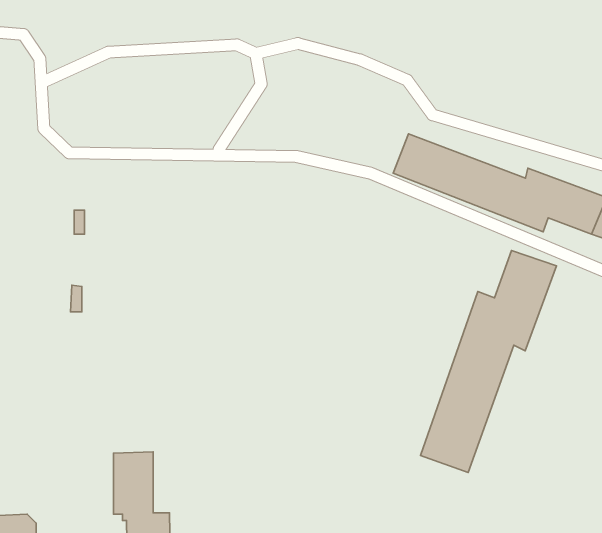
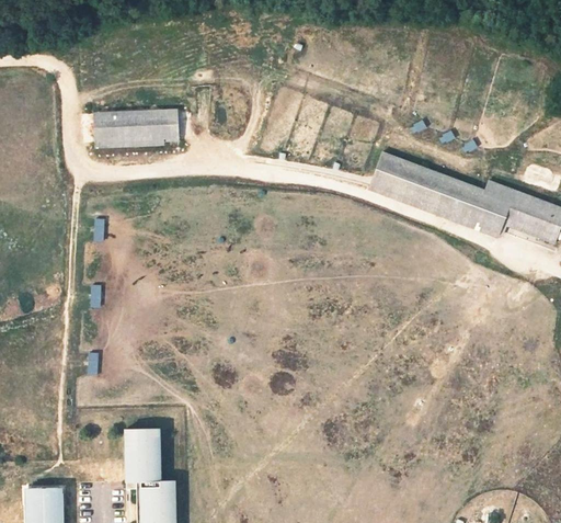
building: none -> [94,113,176,144]
building: [421,251,557,472] -> none

